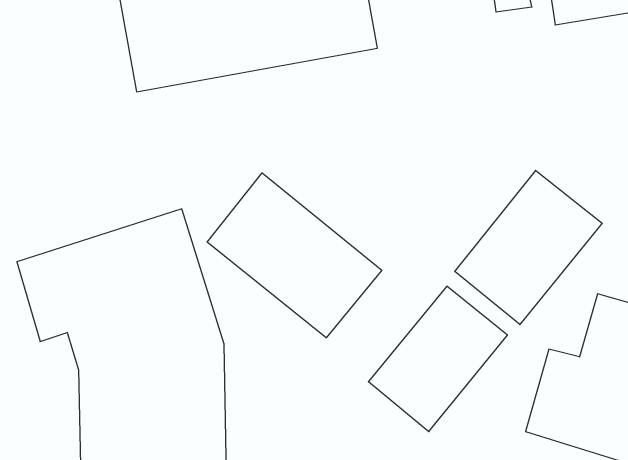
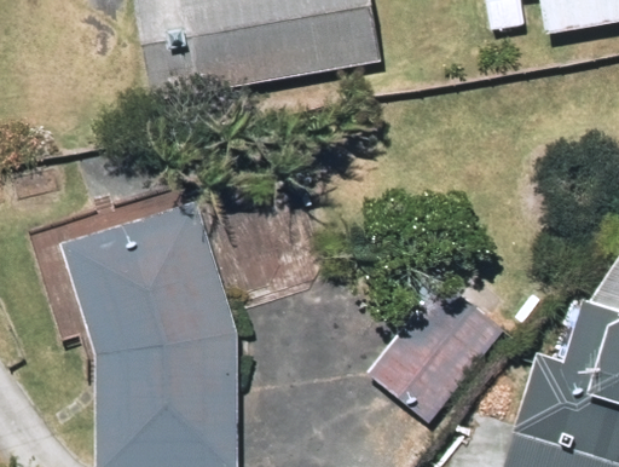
building: [455,170,602,325] -> none
building: [207,173,382,338] -> none

